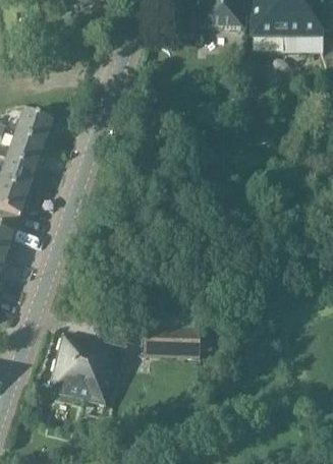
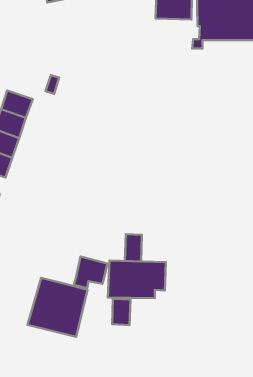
building: none -> [125,234,142,262]
building: none -> [74,257,107,288]
building: none -> [112,299,130,325]

